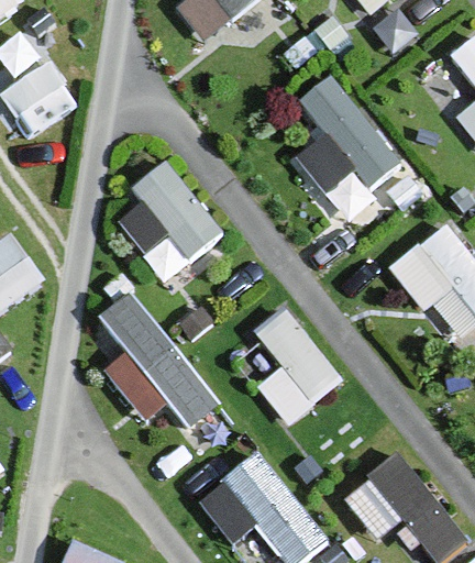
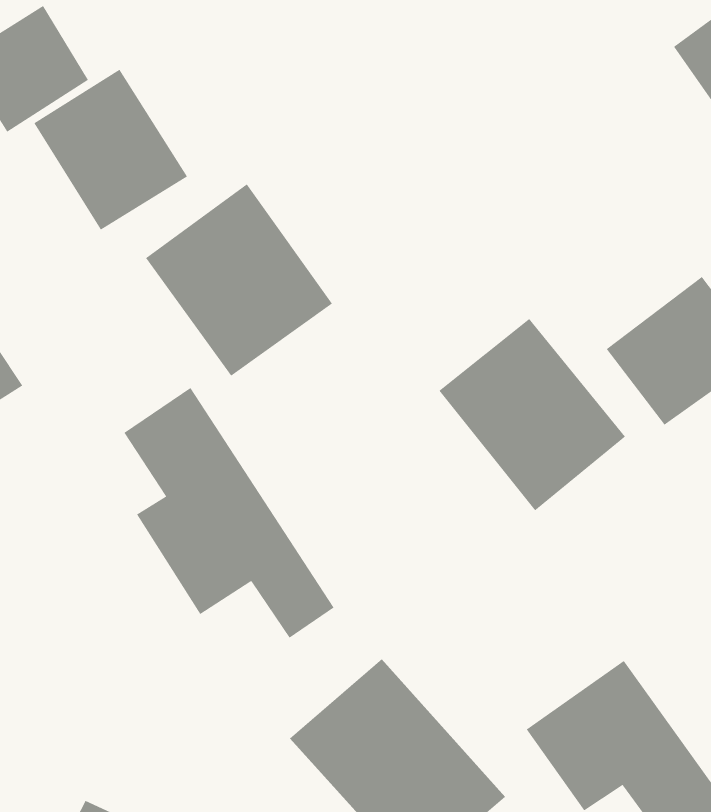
building: [294,75,412,222] -> none
building: none -> [34,69,188,230]
building: [231,307,344,423] -> [438,318,626,511]

